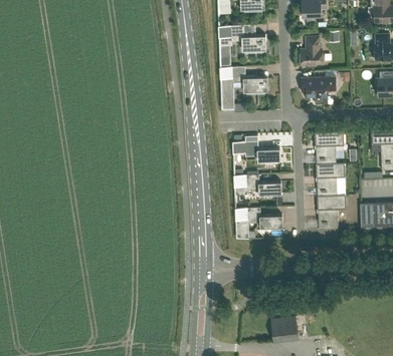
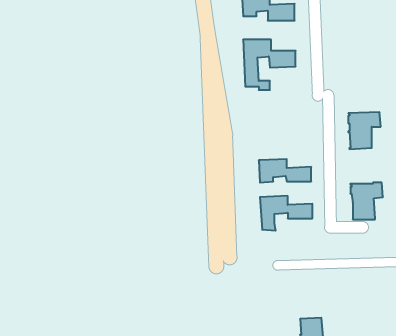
building: [301,36,324,64] -> none
building: [302,76,332,103] -> none
building: [233,140,280,160] -> none
building: [316,162,345,196] -> none

